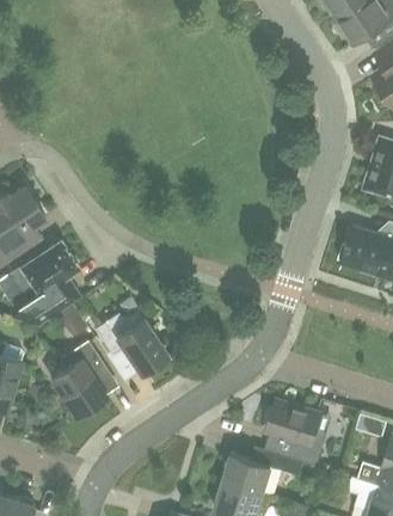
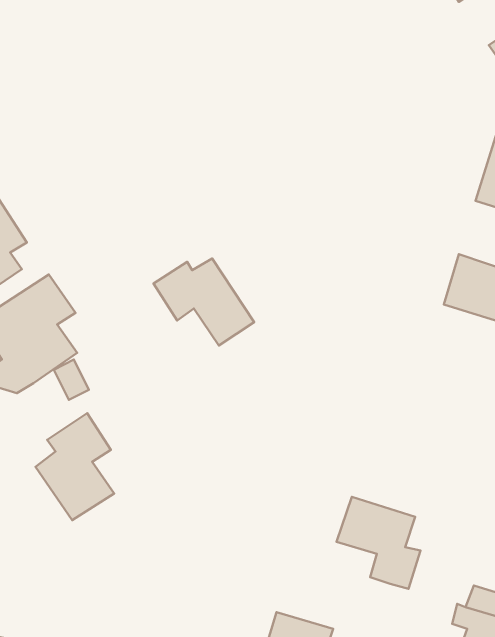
building: [94,311,166,373] -> [154,258,254,345]
building: [222,449,303,493] -> none

